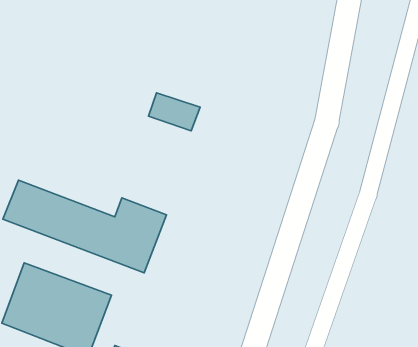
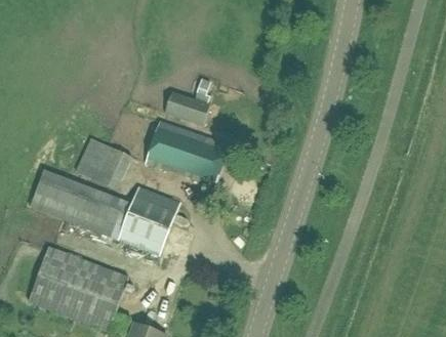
building: none -> [146,121,228,186]
building: none -> [76,137,132,189]

